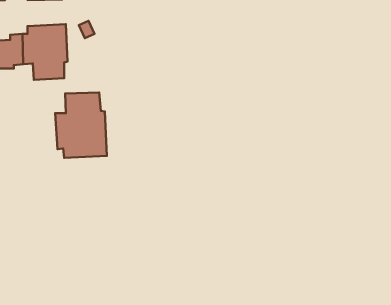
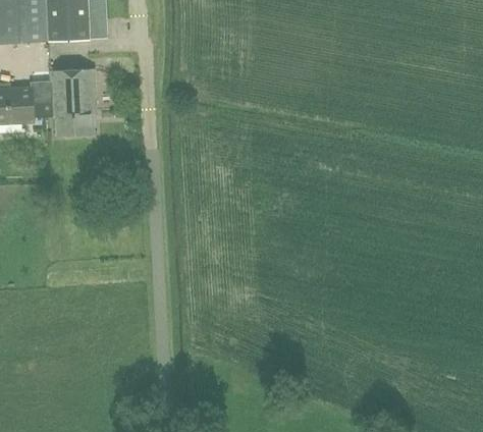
building: [55,92,107,158] -> none

